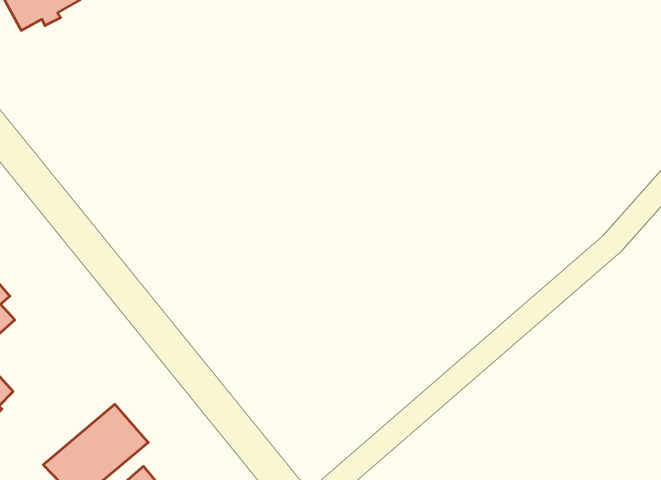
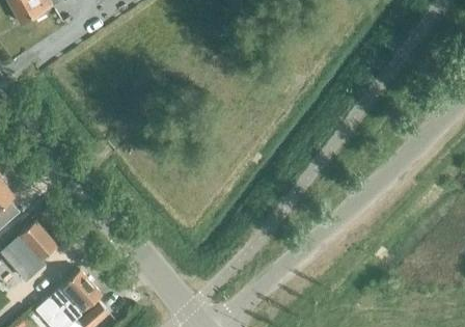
building: none -> [11,221,58,269]

